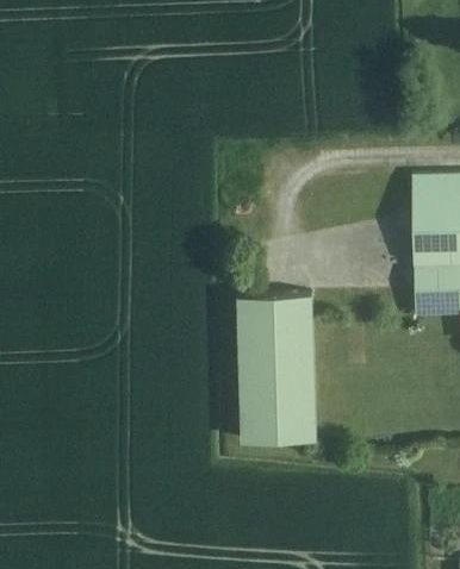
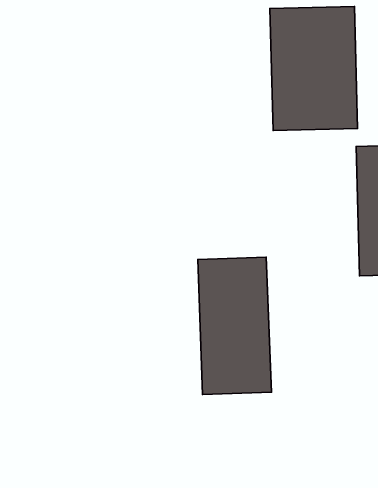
building: none -> [270,7,358,131]

